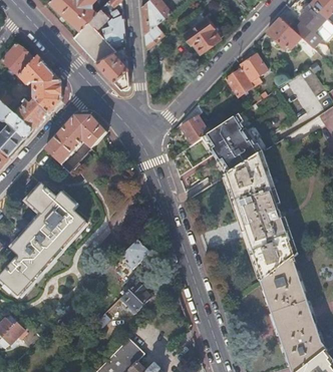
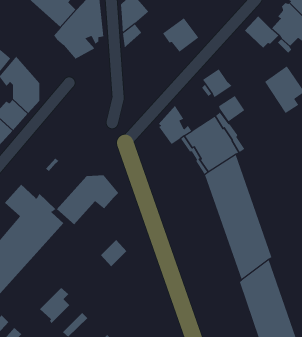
building: [96,49,129,87] -> none
building: [240,55,267,82] -> [218,95,245,122]
building: [43,115,106,165] -> [56,175,119,225]
building: [120,277,151,314] -> [39,287,70,324]

